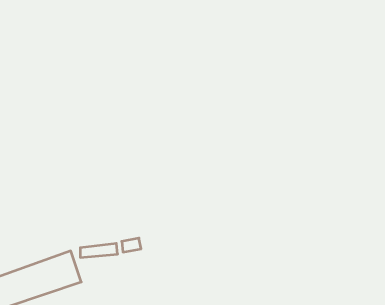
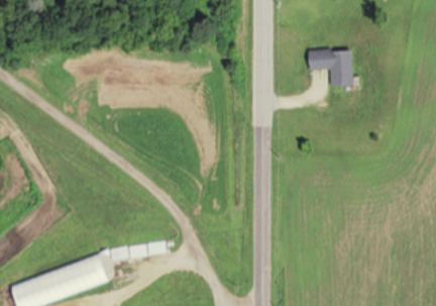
building: none -> [305,49,352,89]

